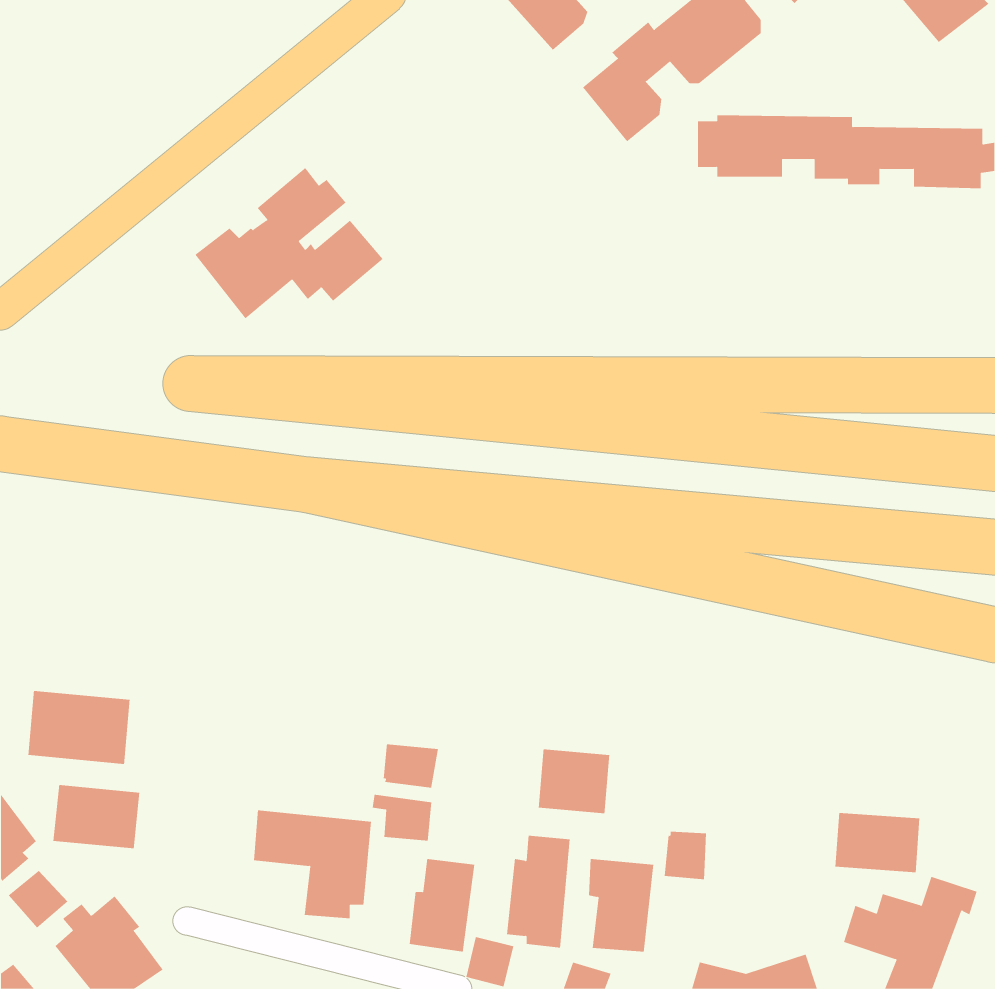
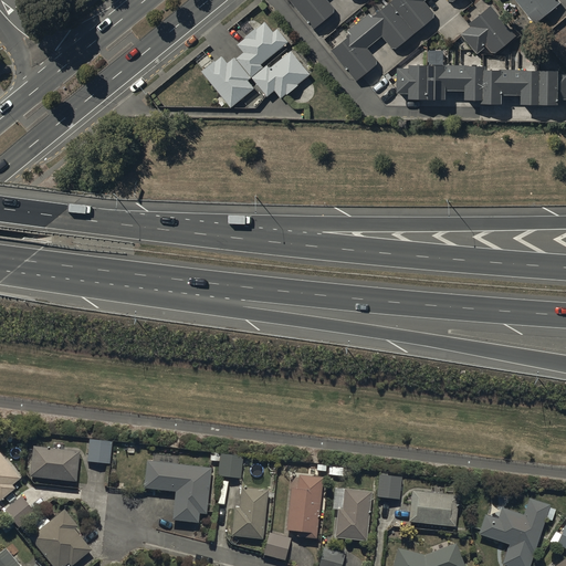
building: none -> [460,4,516,53]
building: [194,167,383,319] -> [202,21,310,107]
building: [28,690,130,765] -> none
building: [383,743,439,789] -> none
building: [538,748,610,814] -> none
building: none -> [87,437,114,463]
building: [835,812,920,873] -> [409,491,458,525]

